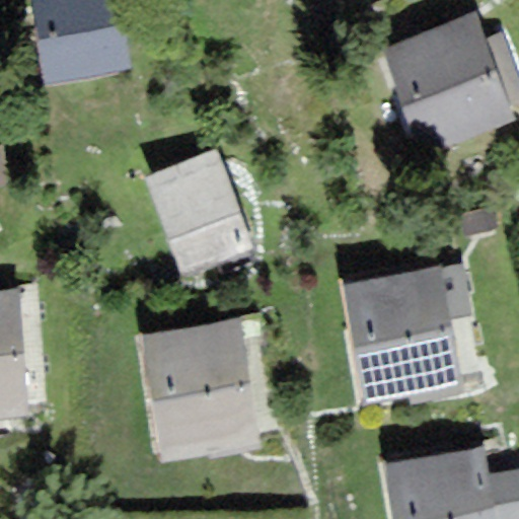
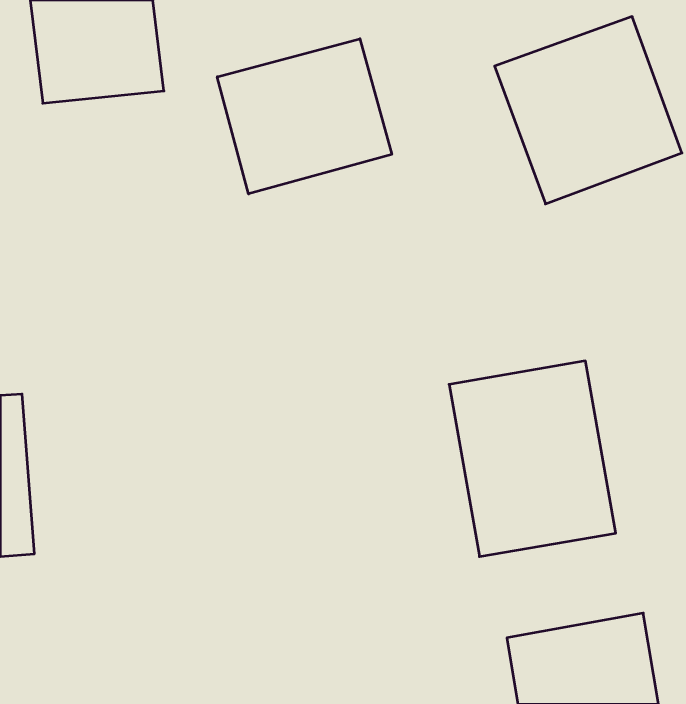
building: none -> [217,39,392,194]
building: [150,153,250,271] -> none
building: [142,323,257,453] -> none

